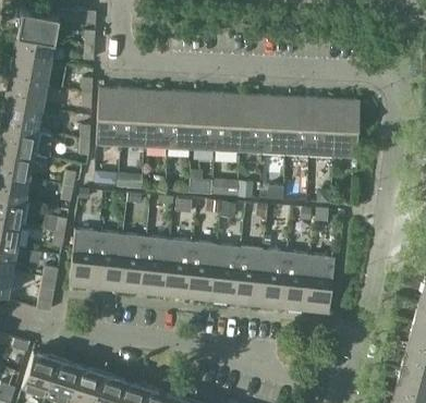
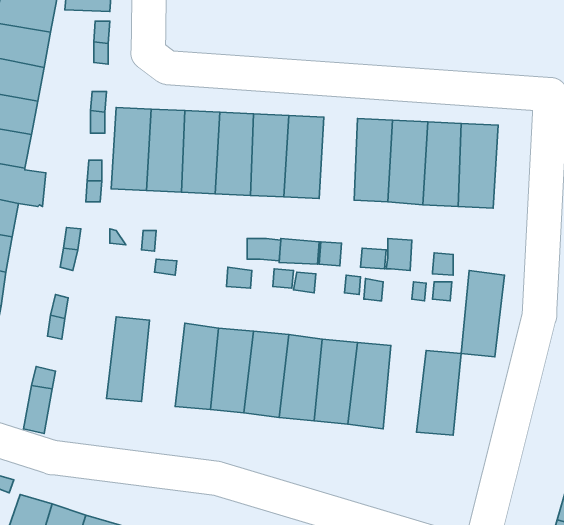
building: [239,96,265,152] -> none
building: [70,229,100,288] -> none
building: [118,234,147,293] -> none
building: [282,252,312,310] -> [461,271,504,357]

